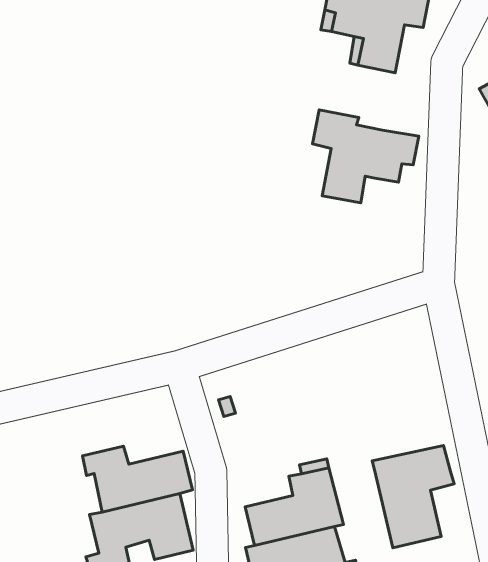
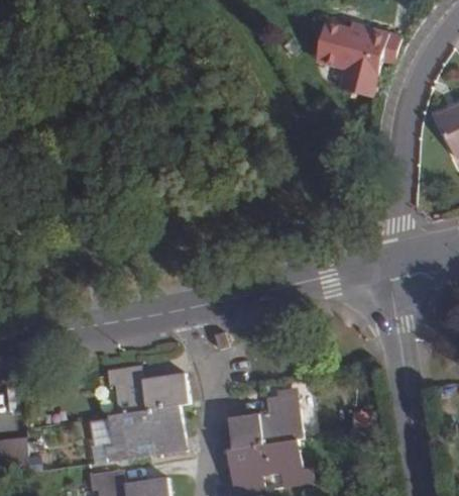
building: [312,110,419,203] -> none
building: [372,445,454,548] -> none

